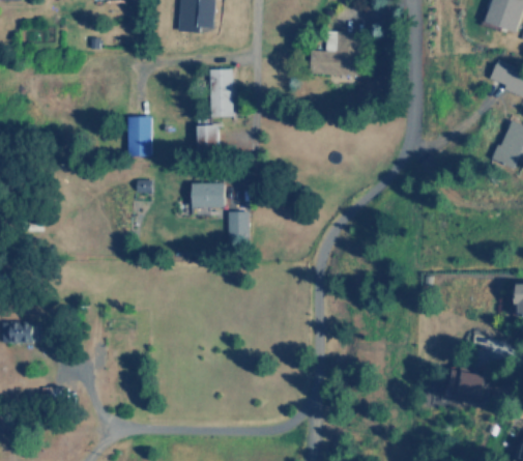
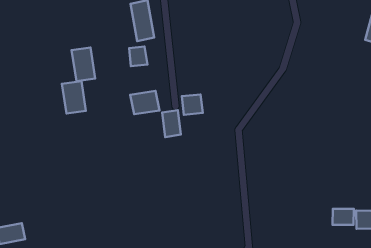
building: none -> [62,81,86,114]
building: none -> [182,94,203,115]
building: none -> [332,209,354,225]

